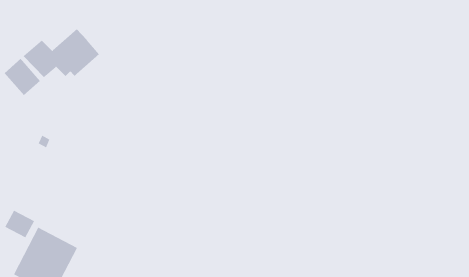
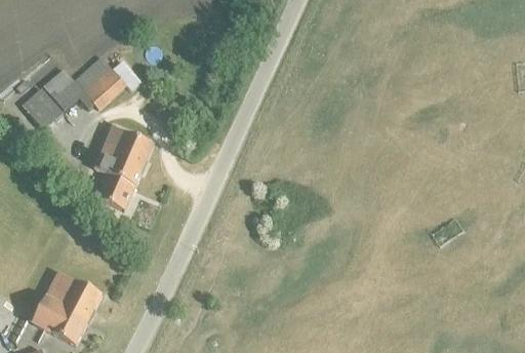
building: none -> [94,127,153,209]
building: [5,210,35,238] -> none

